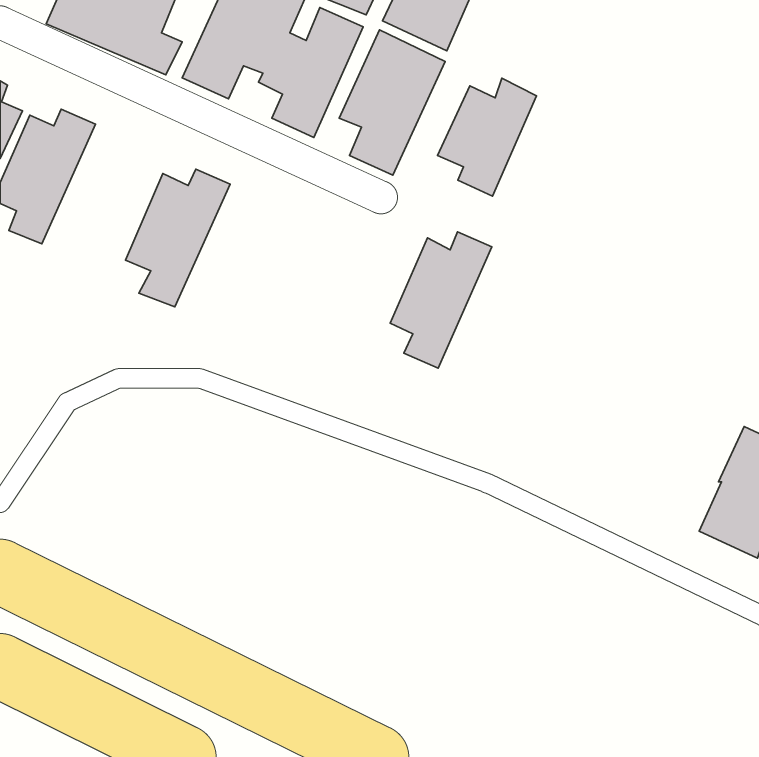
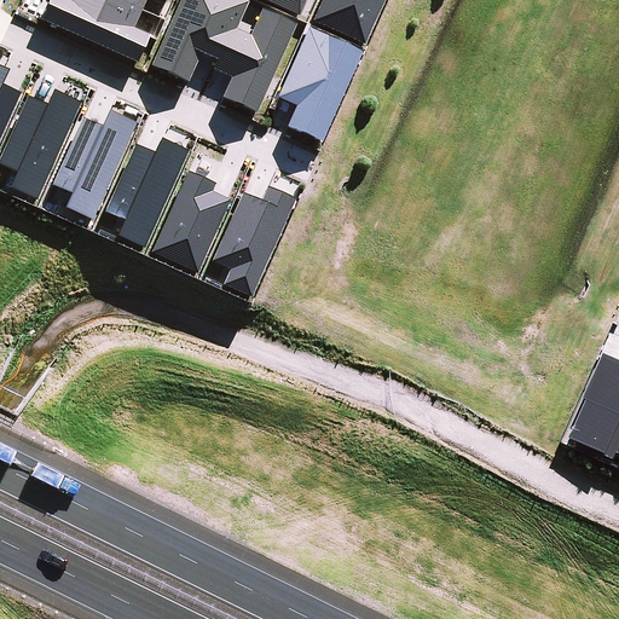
building: [437,78,536,196] -> none
building: none -> [53,108,137,218]
building: none -> [151,167,232,272]
building: [390,232,492,368] -> [213,185,295,295]

